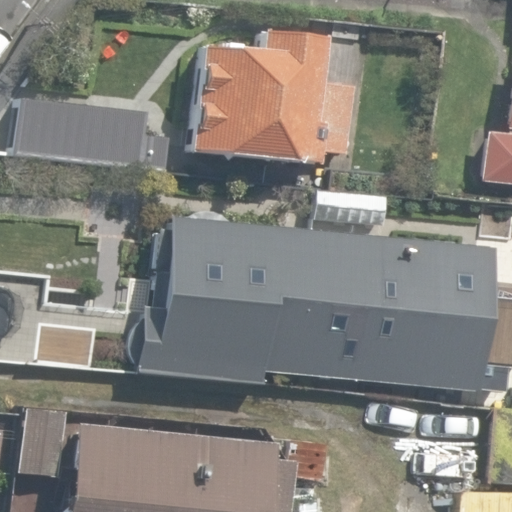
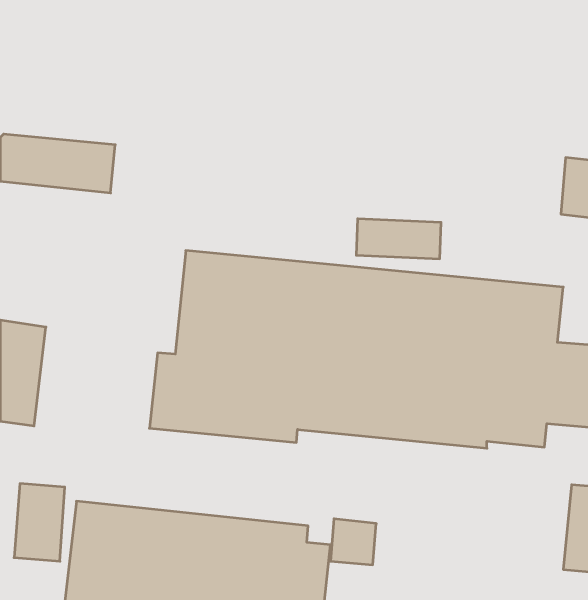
building: [197,33,358,167] -> none

